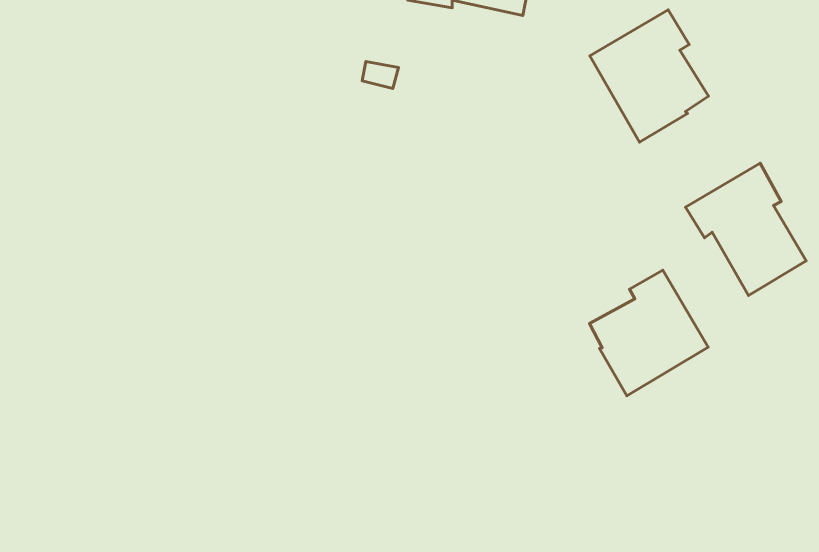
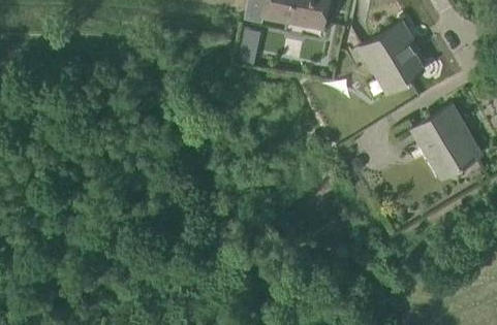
building: [590,270,708,396] -> none

